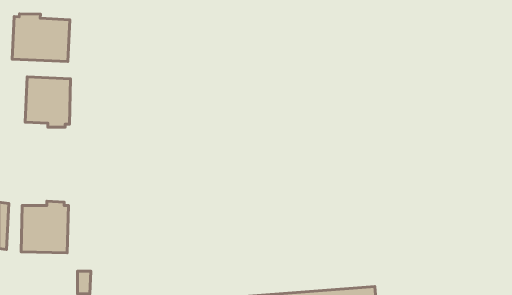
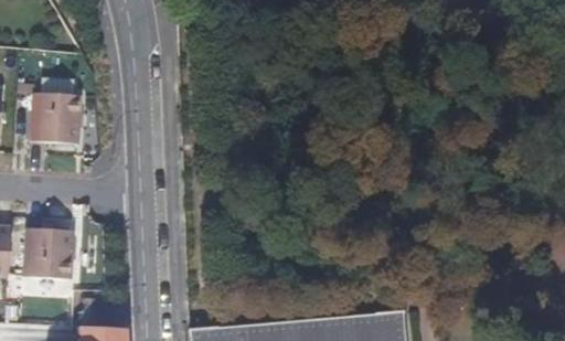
building: [12,14,70,62] -> none

